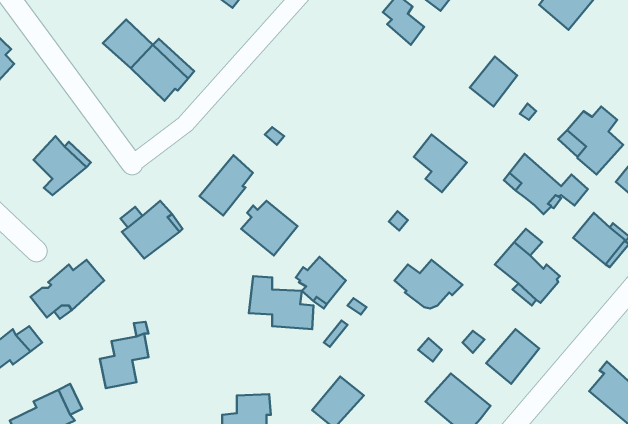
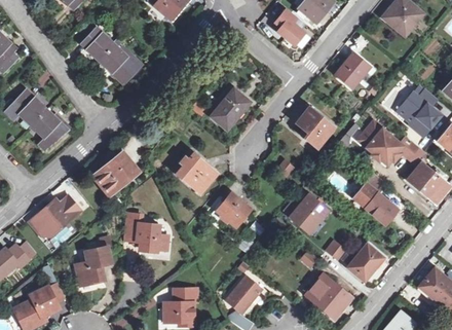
building: none -> [12,91,46,125]
building: [200,155,253,215] -> [210,88,247,131]
building: [249,276,314,329] -> [123,214,168,251]

